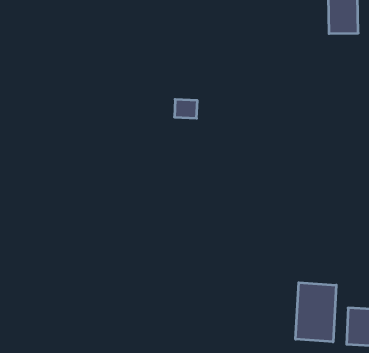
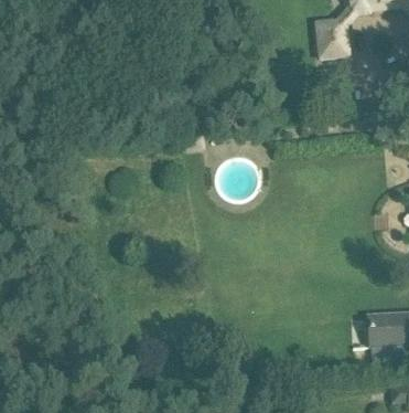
building: [296,283,336,342] -> none

